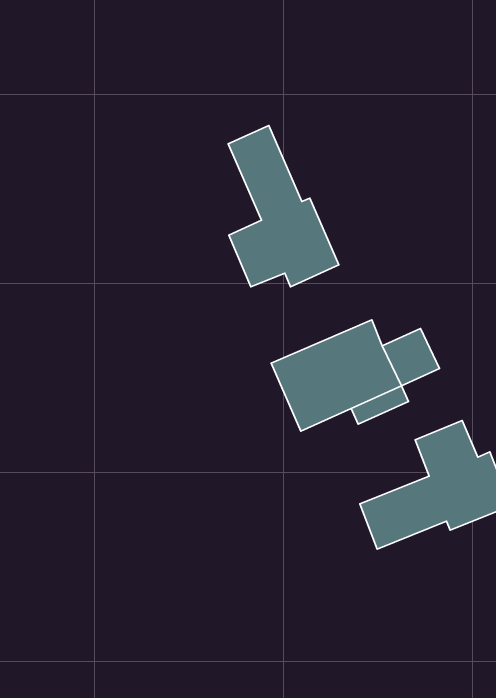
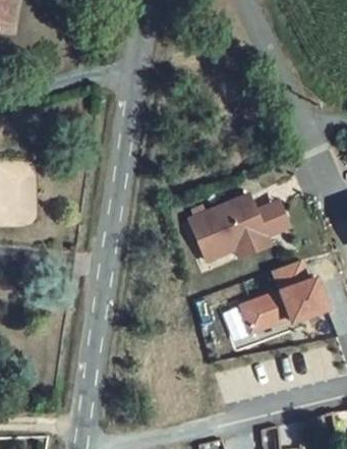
building: [228,125,339,287] -> none

